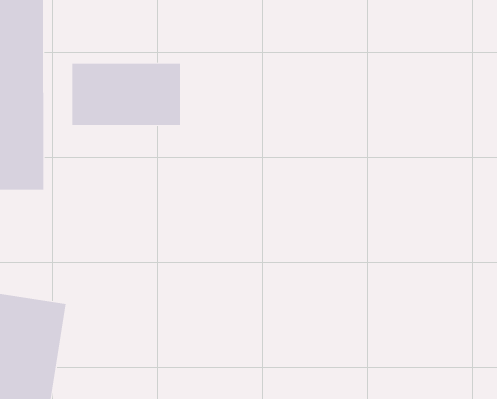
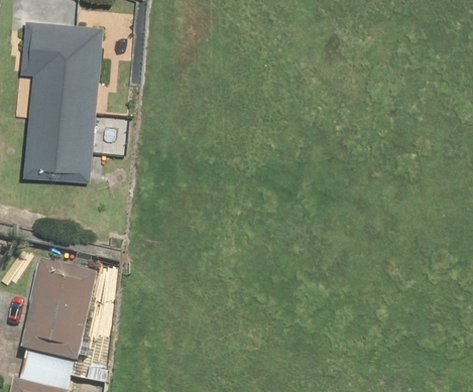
building: [72,63,181,126] -> none

